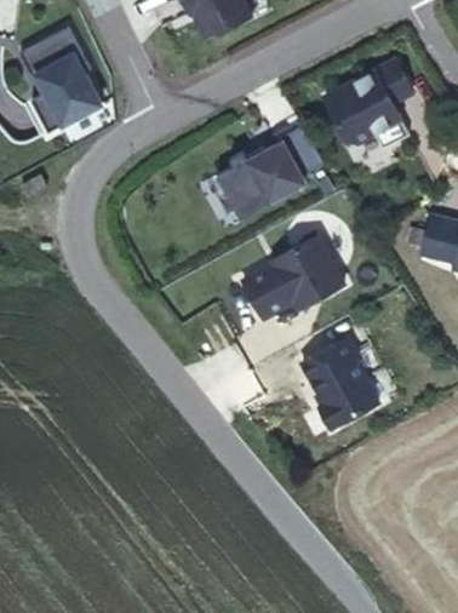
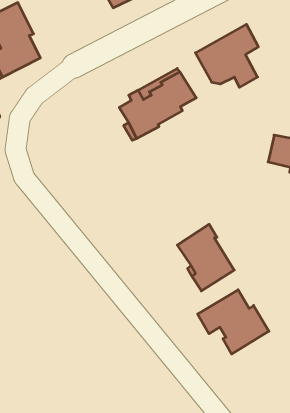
building: [237,236,339,319] -> none
building: none -> [198,290,269,354]

